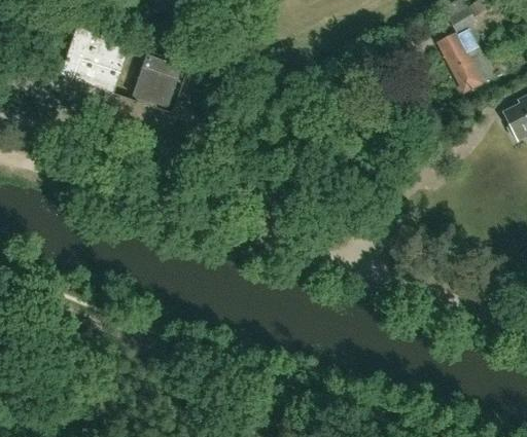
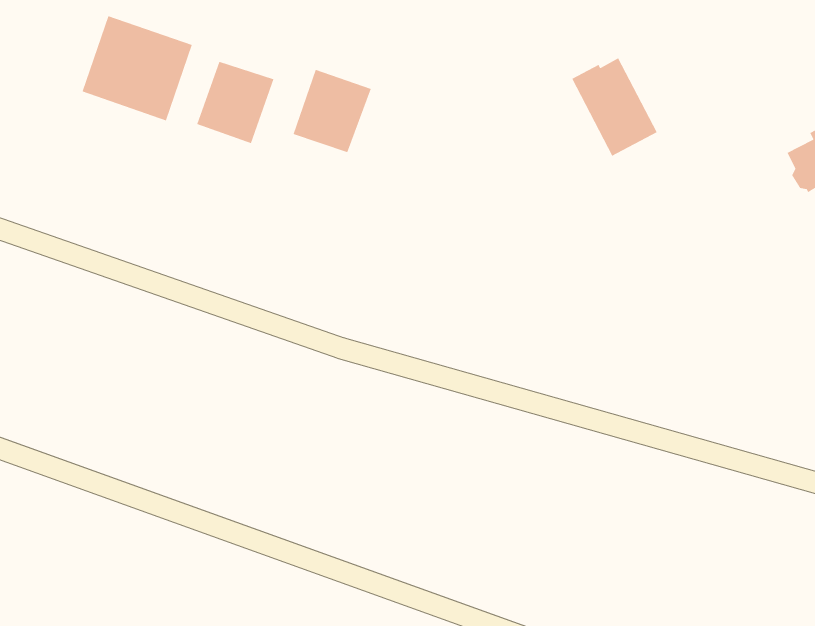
building: [437,28,492,90] -> [571,57,658,157]
building: none -> [292,69,372,153]

